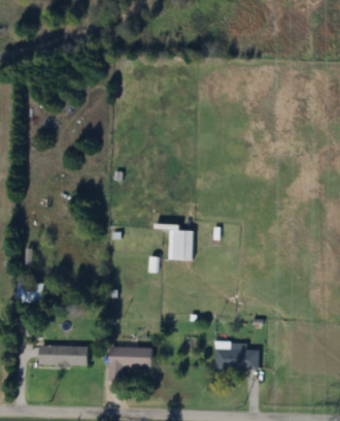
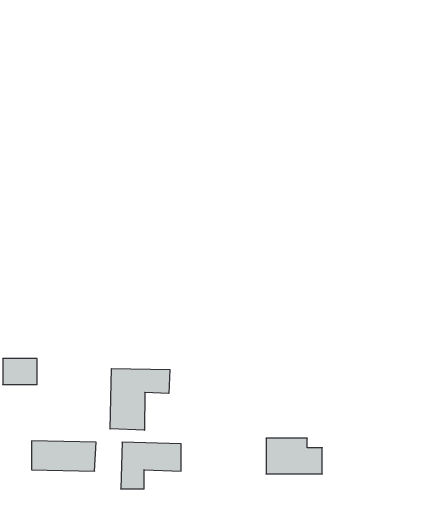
building: [168,230,193,259] -> none
building: none -> [110,369,170,430]

